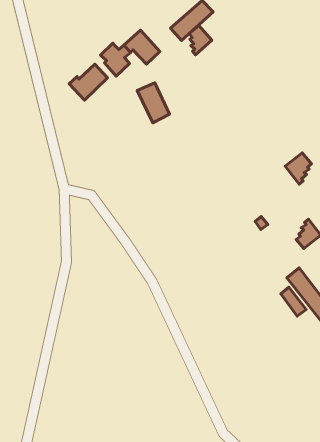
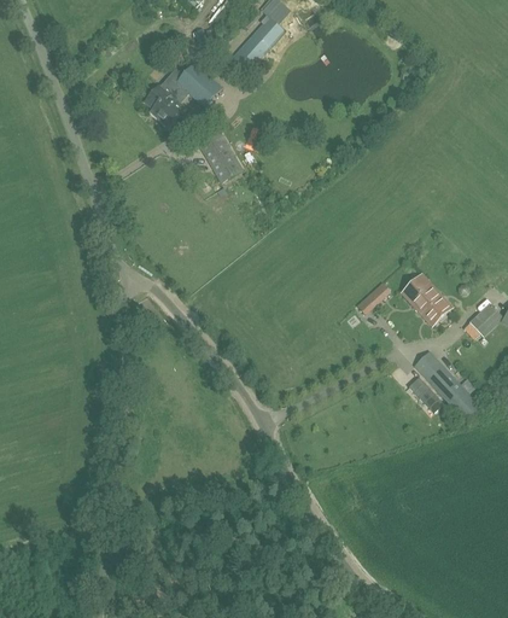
building: [189,26,212,55] -> none
building: [69,64,107,100] -> none
building: [285,153,311,184] -> [401,272,434,313]

